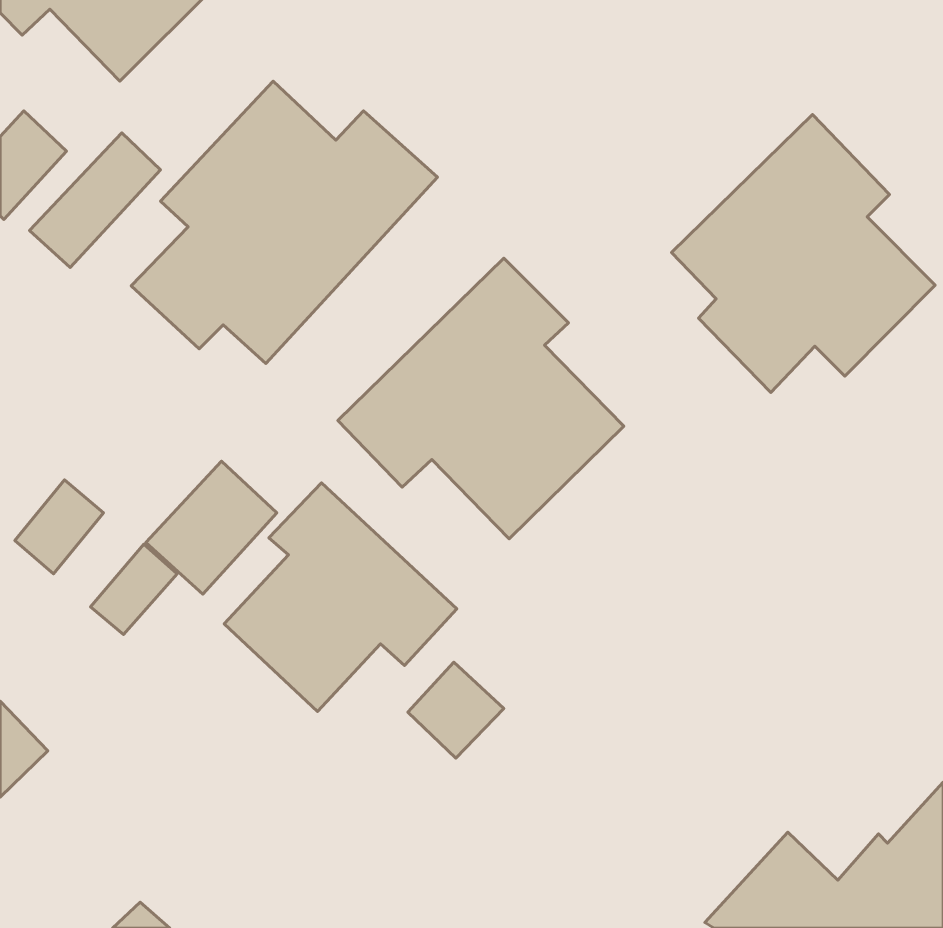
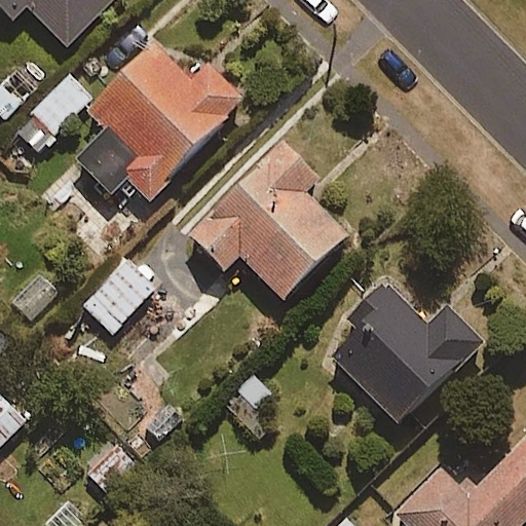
building: [671,115,935,392] -> none
building: [224,483,457,711] -> none
building: none -> [333,285,482,426]

